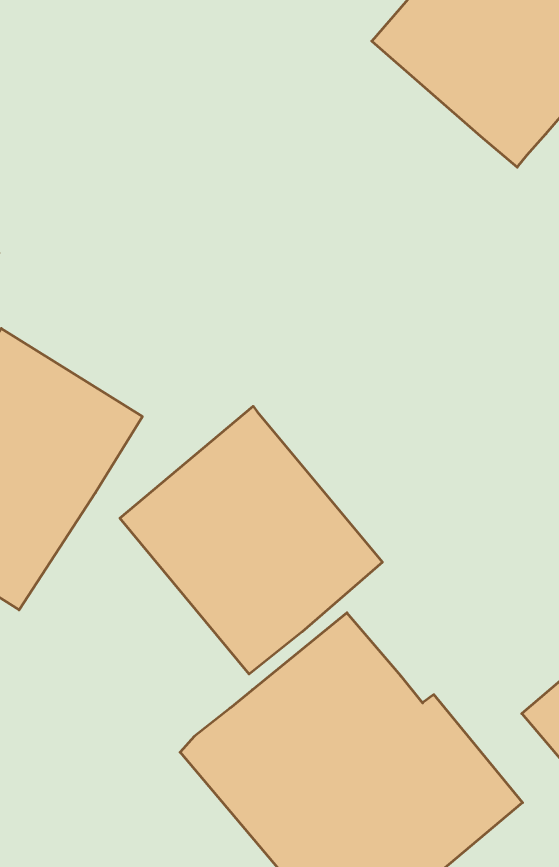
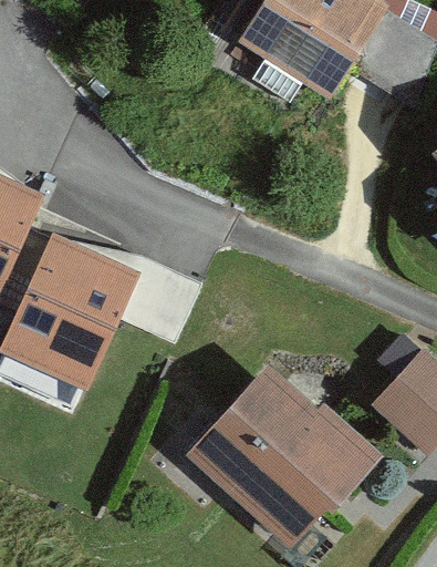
building: [120,406,382,674] -> none

